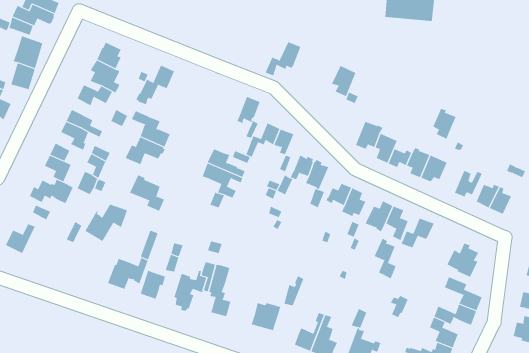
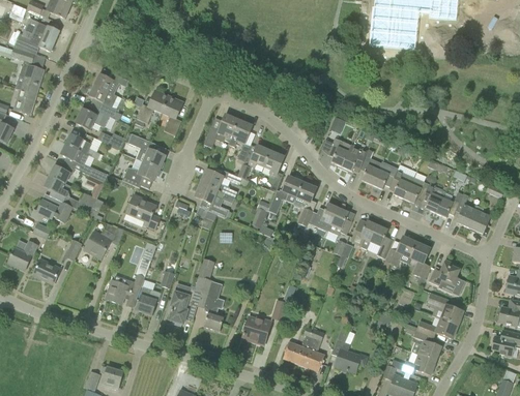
building: [265,41,301,76] -> [203,115,237,148]
building: [331,65,356,97] -> [326,136,350,166]
building: none -> [162,96,182,135]
building: [433,108,457,140] -> [422,182,444,212]
building: [374,238,397,279] -> [409,239,431,278]
building: none -> [33,257,61,283]

